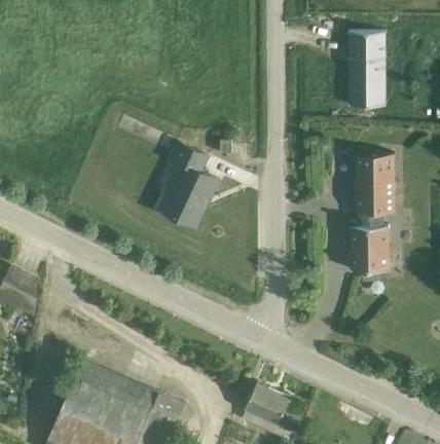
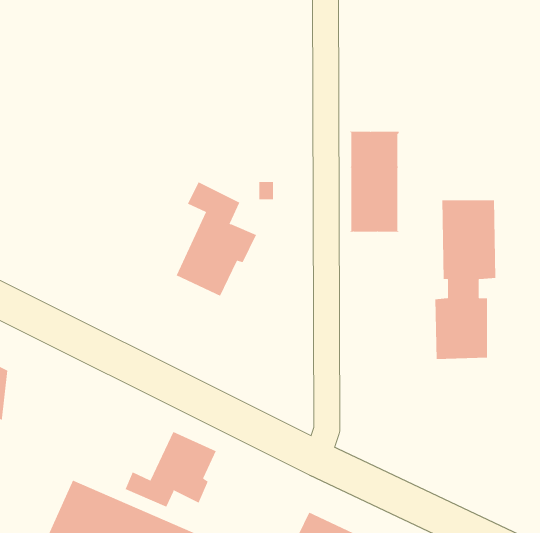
building: [349,32,386,106] -> [349,131,400,232]
building: none -> [125,431,216,507]

